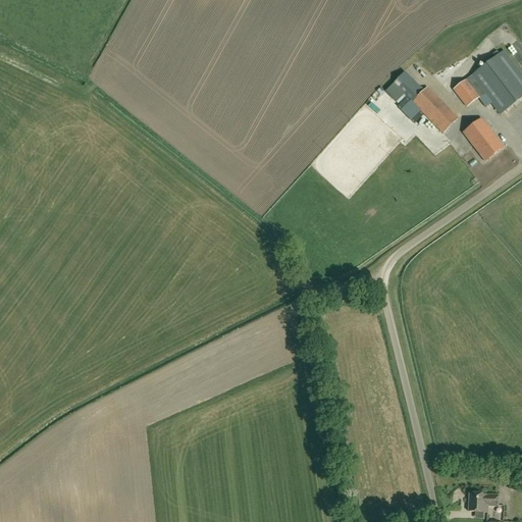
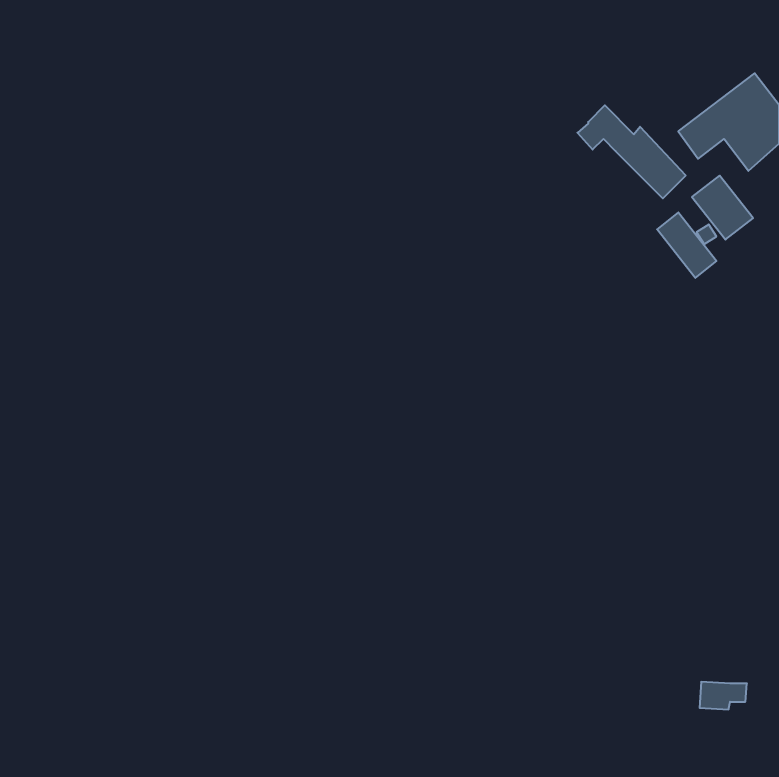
building: none -> [657,212,716,278]
building: [467,492,499,511] -> [700,682,747,709]

